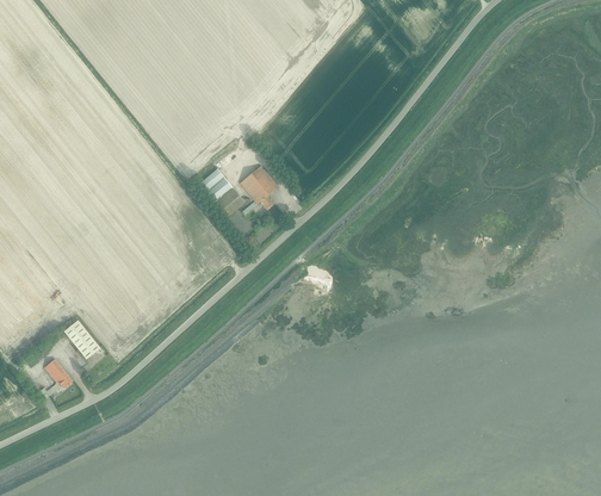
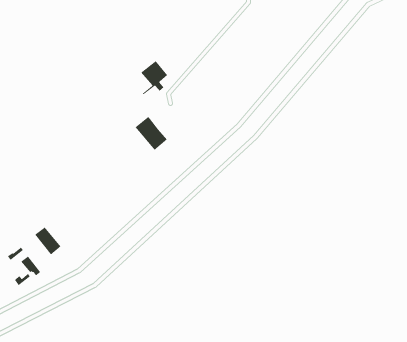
building: [240,166,278,213] -> [140,60,168,95]

